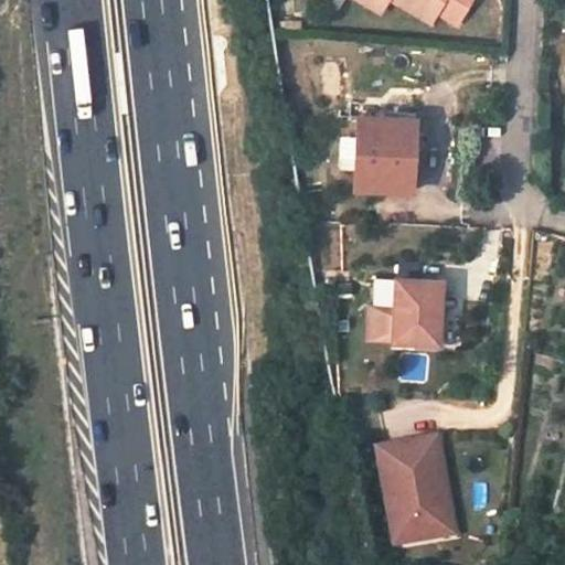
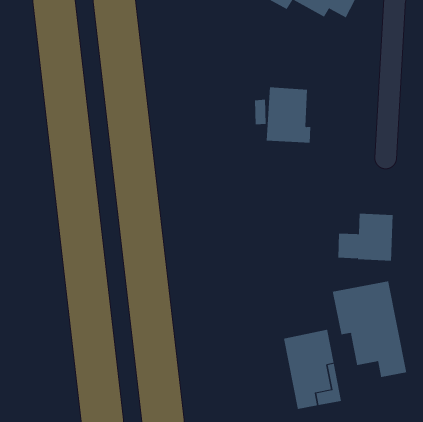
building: [370,281,445,345] -> [337,213,394,261]
building: none -> [332,280,407,378]

